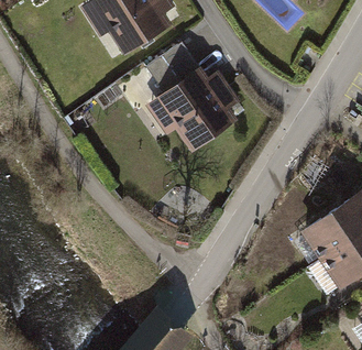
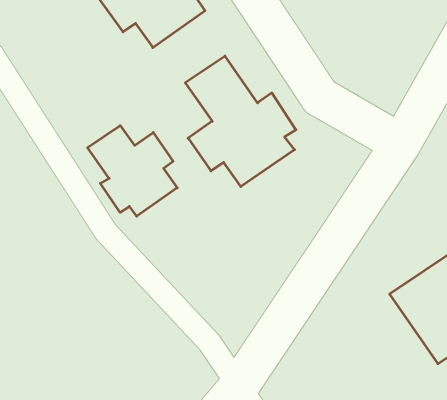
building: none -> [88,126,177,216]

